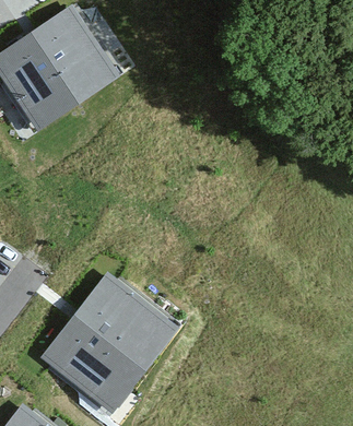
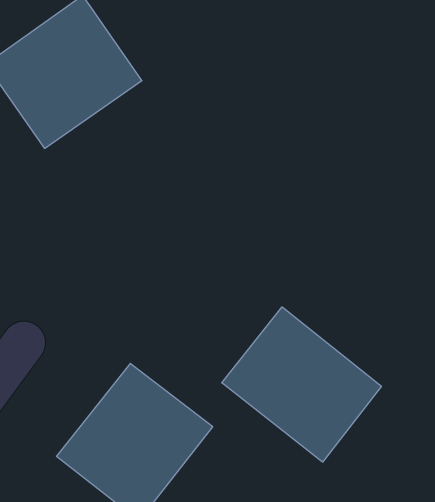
building: none -> [222,307,381,462]

